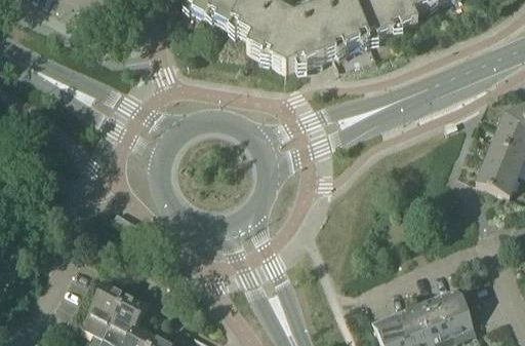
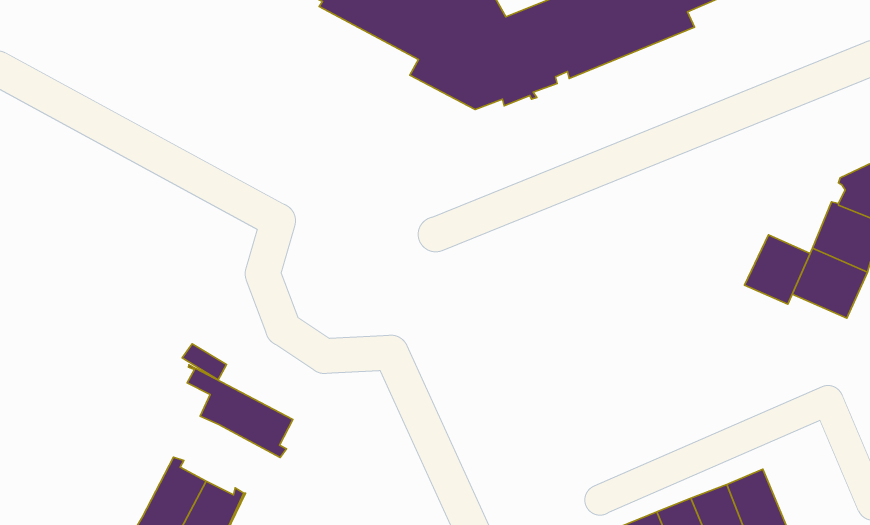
building: none -> [744,235,810,304]
building: none -> [187,365,293,457]

